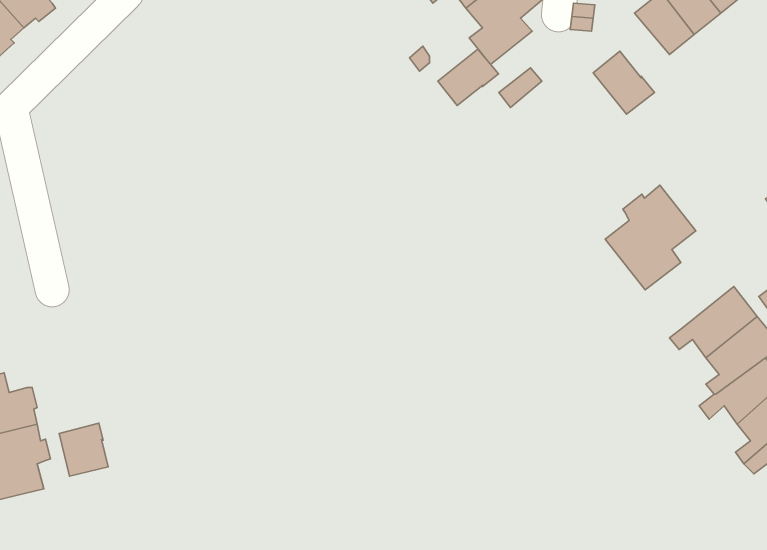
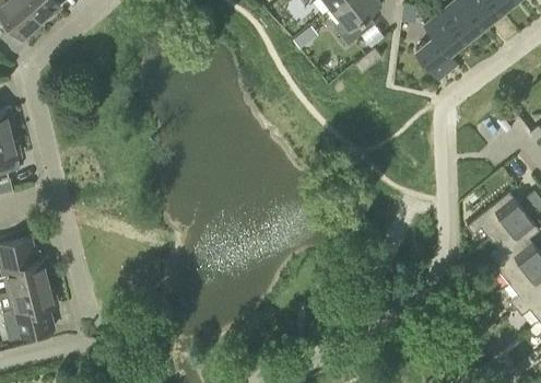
building: none -> [424,11,466,54]
building: [438,49,498,105] -> none
building: [605,185,696,290] -> none
building: [59,423,108,476] -> none

